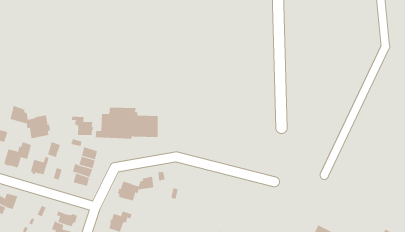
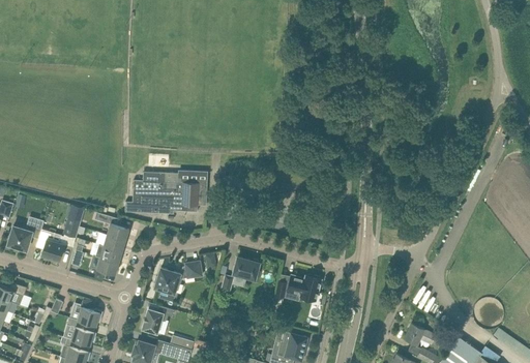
building: [10,105,51,139] -> none
building: [72,116,93,136] -> none
building: none -> [233,258,259,282]
building: none -> [274,275,321,302]

